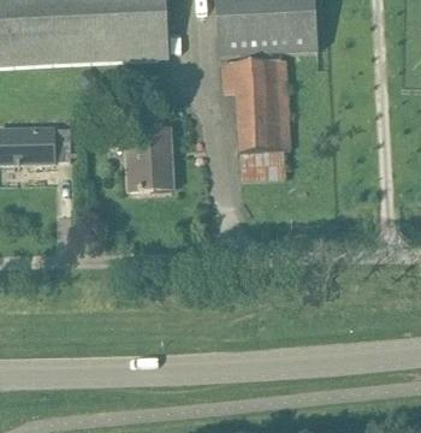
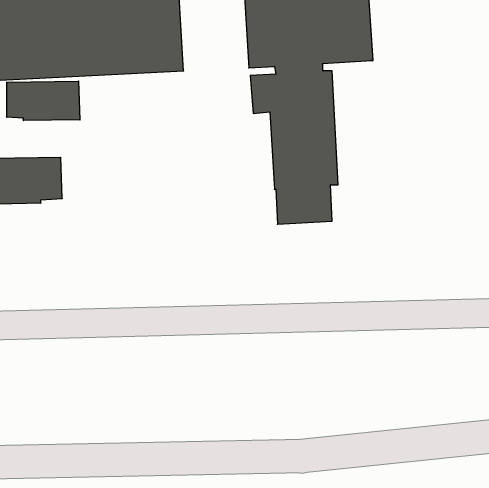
building: none -> [7,81,80,121]
building: [125,129,173,190] -> none

